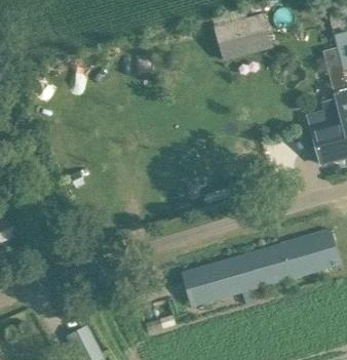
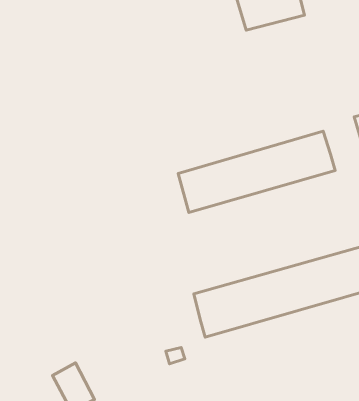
building: none -> [178,131,335,213]

